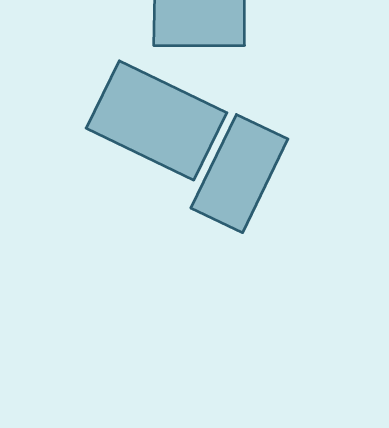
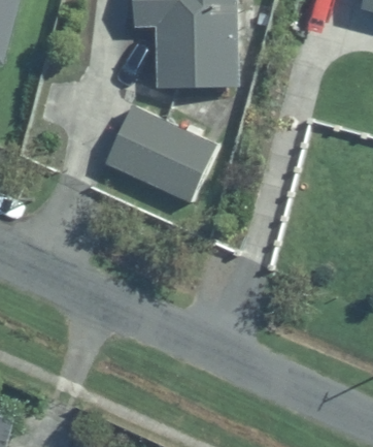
building: [191,114,288,233] -> none

